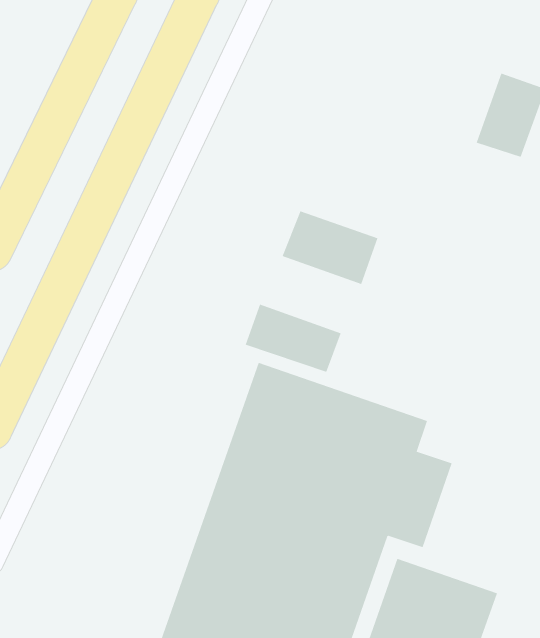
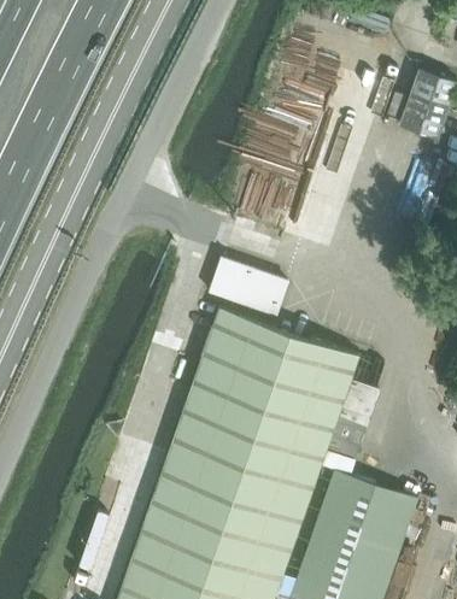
building: [282,210,378,285] -> none

